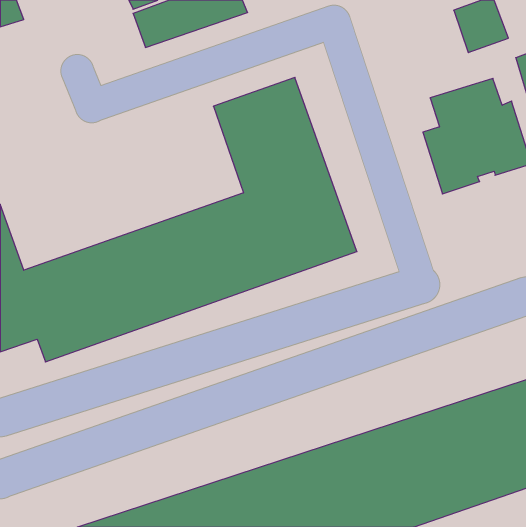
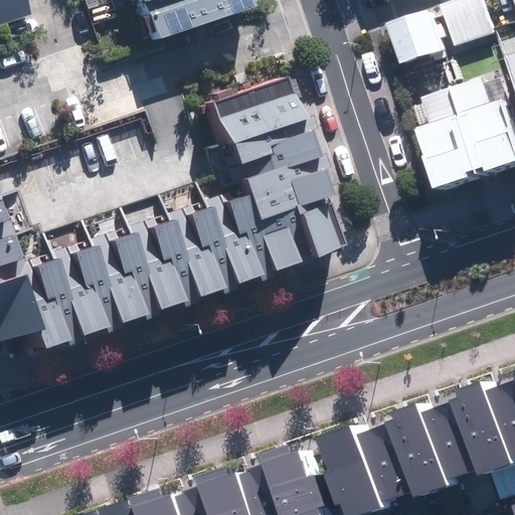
building: none -> [390,16,445,70]

